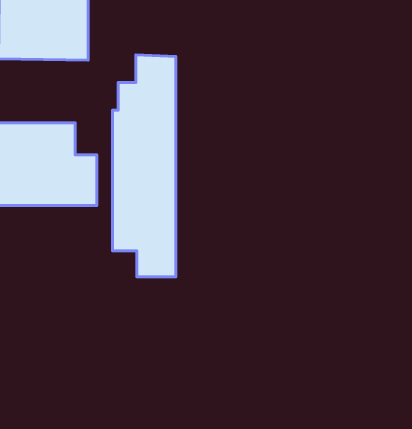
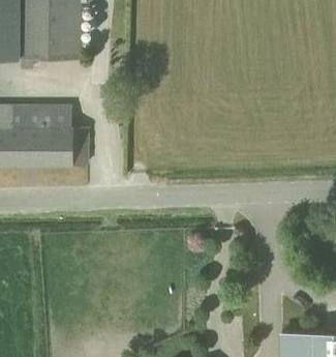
building: [113,55,176,277] -> none

